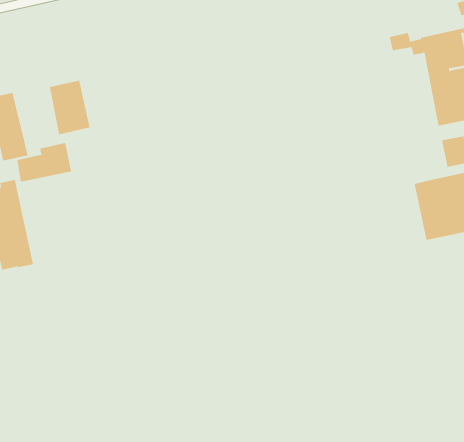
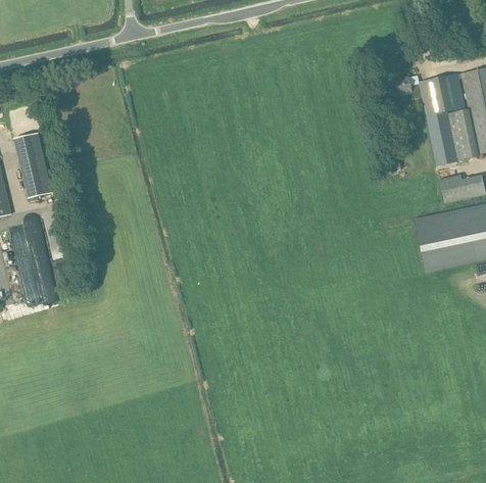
building: [49,80,90,135] -> none
building: [17,142,72,183] -> none

